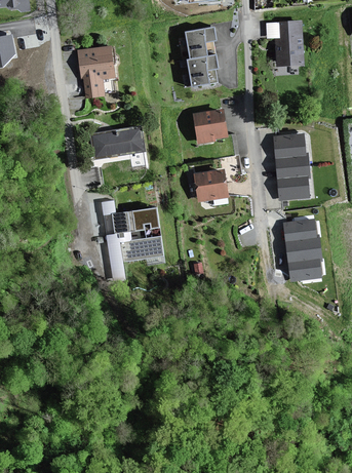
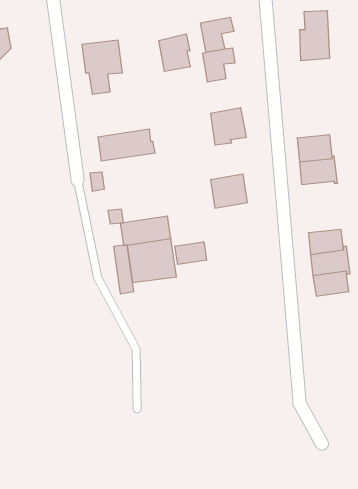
building: none -> [159,34,190,72]
building: [277,175,309,200] -> none
building: none -> [175,242,206,264]

